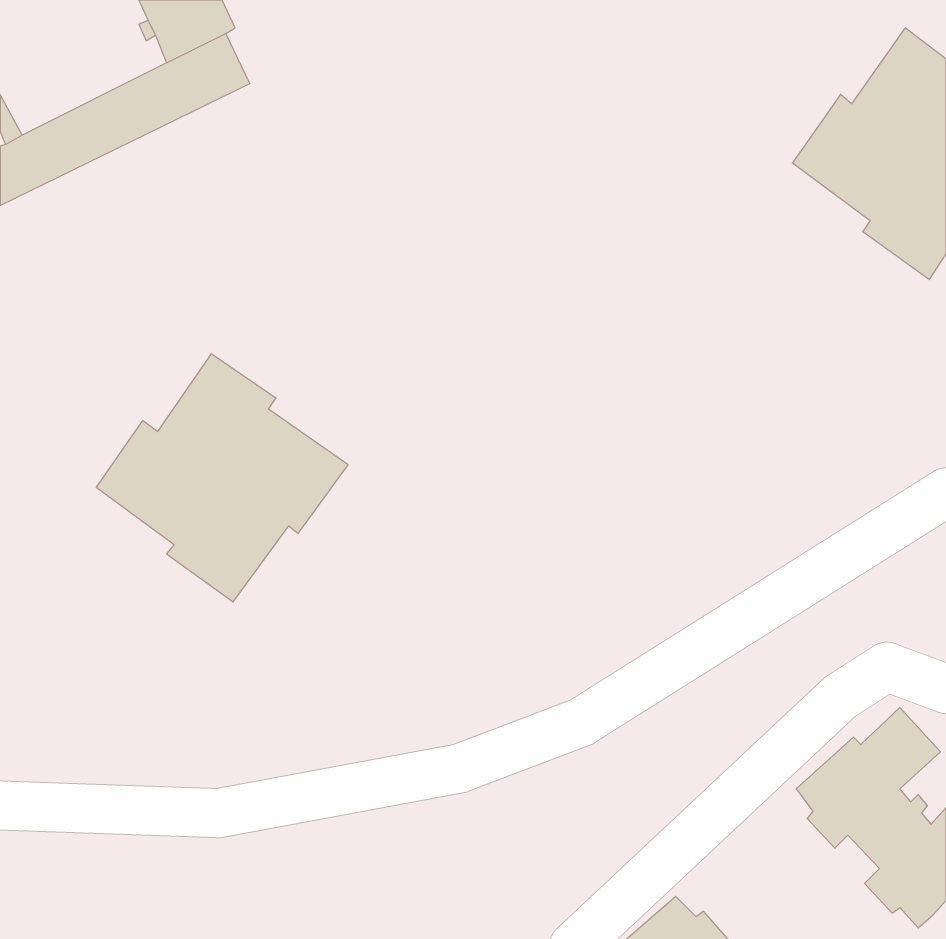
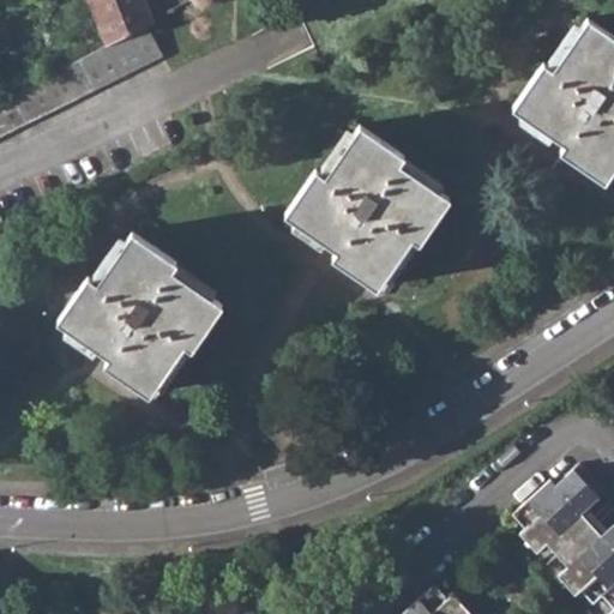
building: none -> [287,130,449,290]

